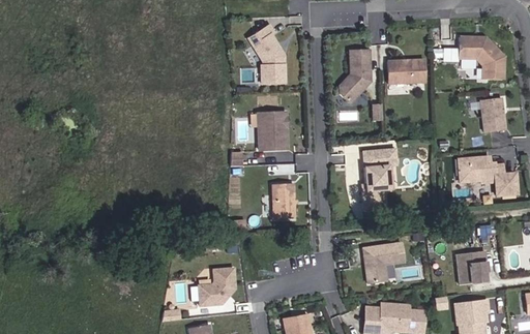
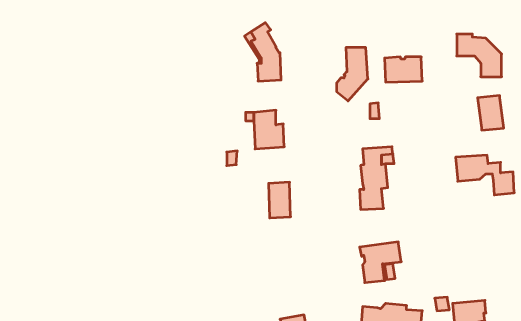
building: [457,250,487,284] -> none
building: [198,268,235,305] -> none

